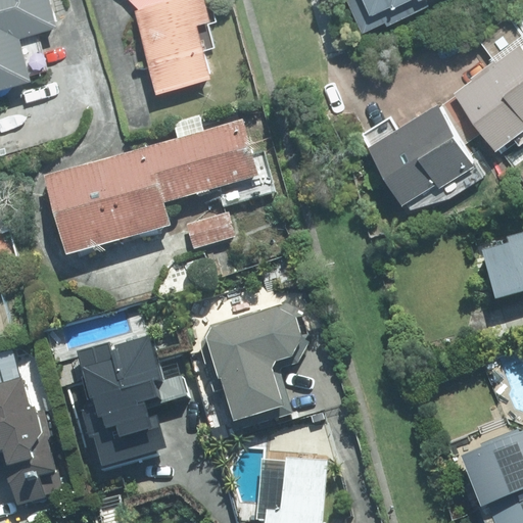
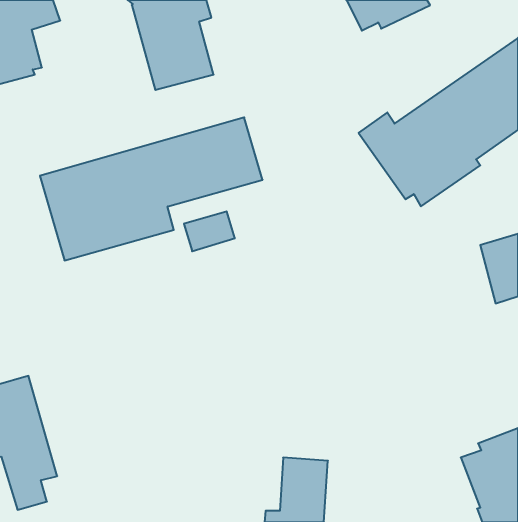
building: [199,302,306,428] -> none
building: [76,338,189,472] -> none

